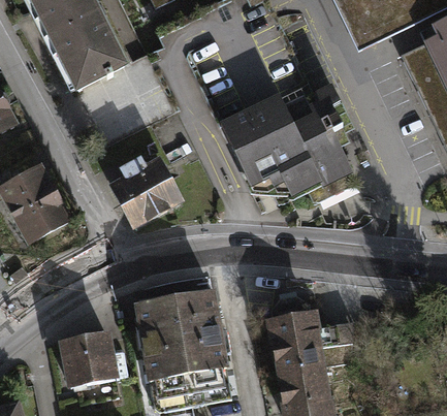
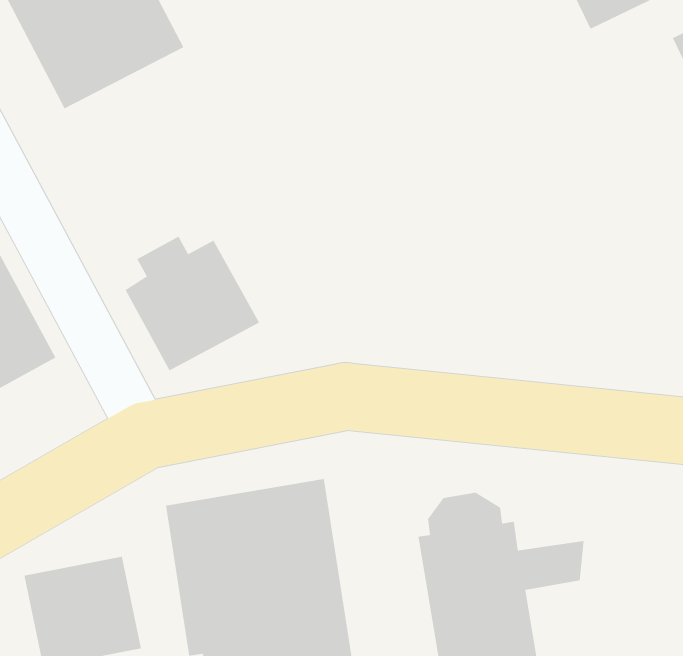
building: [220,85,351,196] -> none

